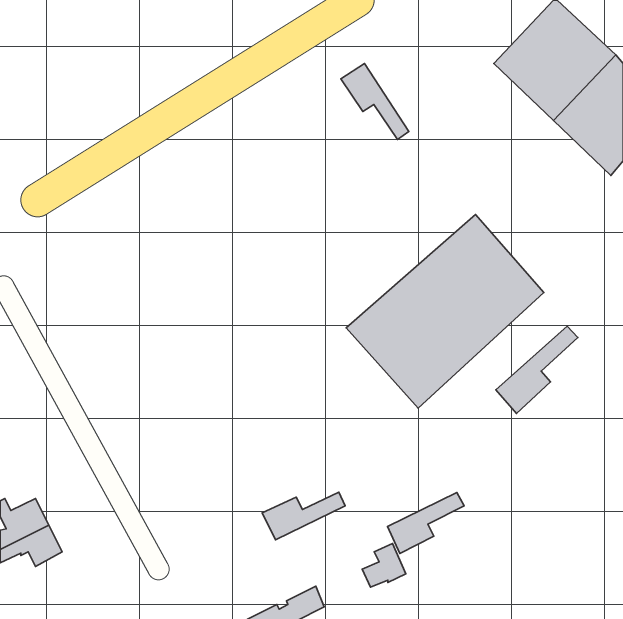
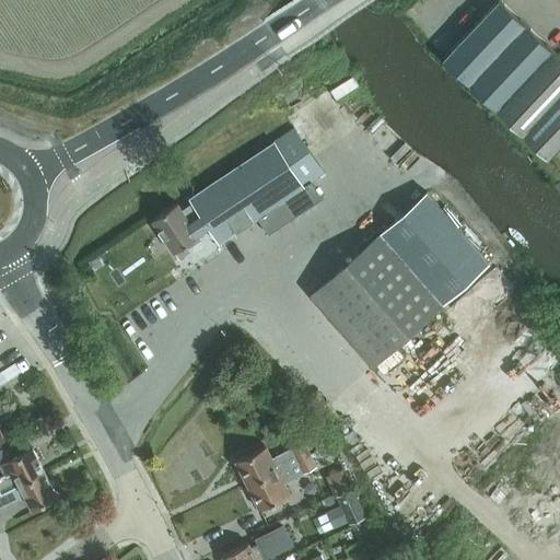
building: [341,63,409,139] -> none
building: none -> [152,131,324,255]
building: [496,326,578,413] -> none
building: [387,492,464,553] -> [247,457,316,512]

